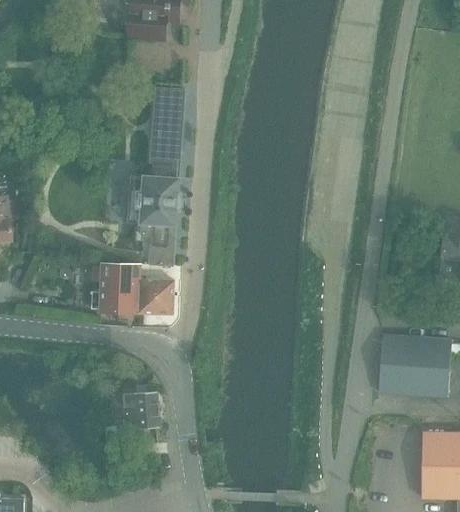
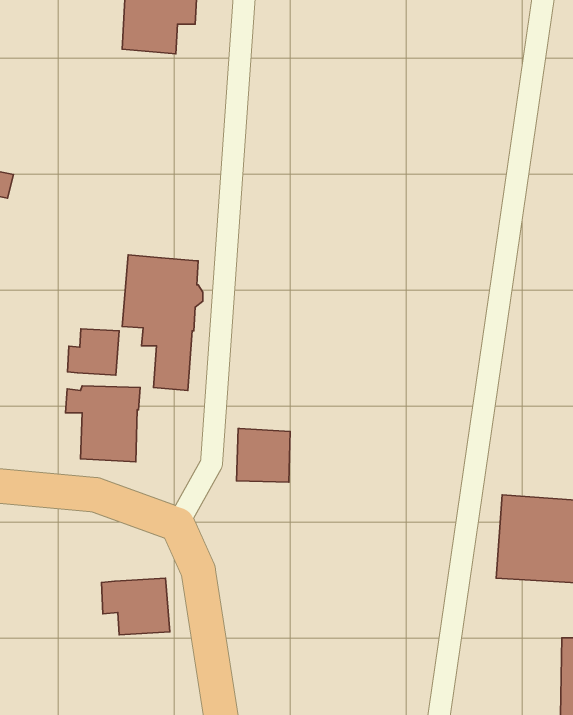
building: [151,87,184,179] -> none
building: none -> [68,329,119,375]
building: [137,279,173,315] -> [237,429,290,482]

